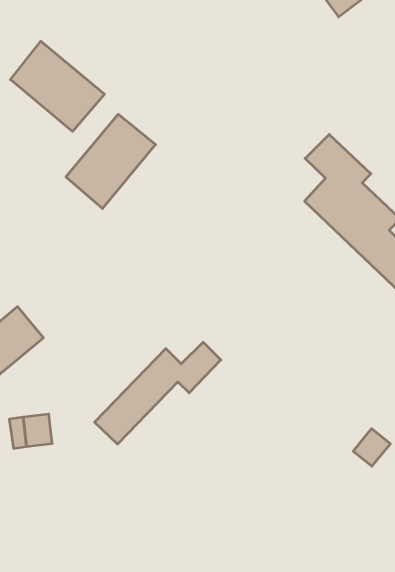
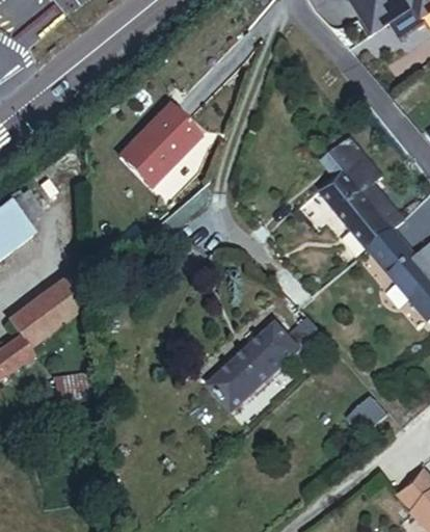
building: [10,41,104,131] -> none
building: [95,342,221,444] -> [212,323,327,407]

